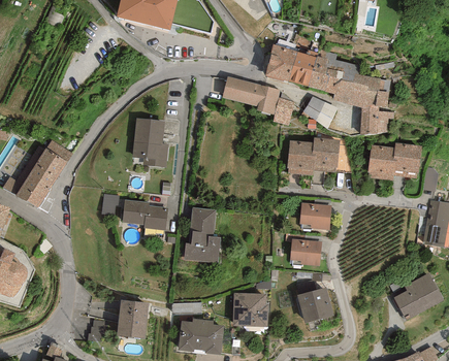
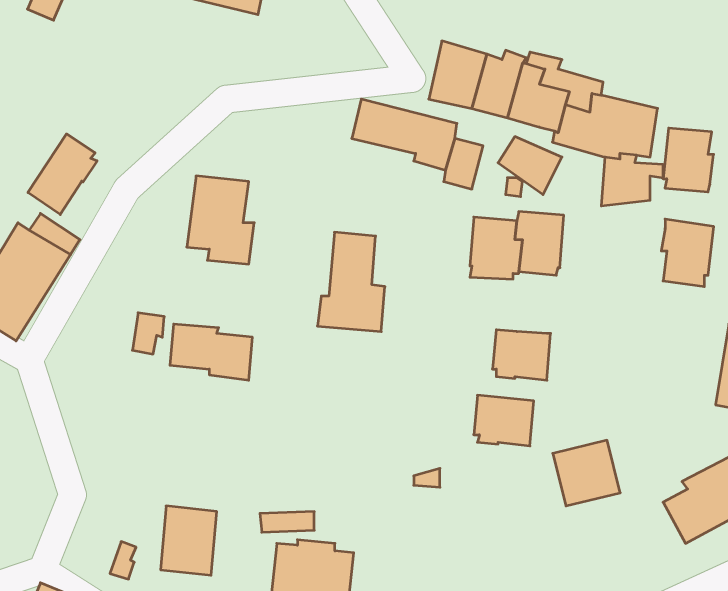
building: none -> [28,134,97,215]
building: [368,144,396,179] -> [663,128,714,192]
building: [184,207,221,262] -> [317,232,385,332]
building: [297,287,334,323] -> [553,440,620,506]
building: [233,292,268,326] -> none

